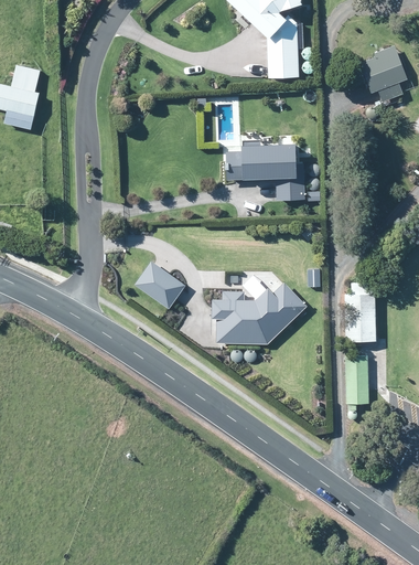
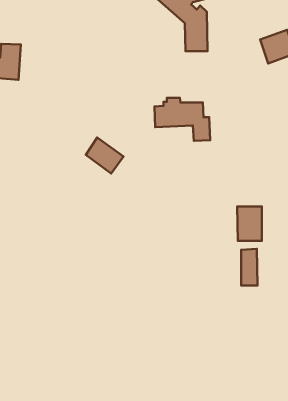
building: [135,260,185,309] -> [86,138,123,174]
building: [208,284,307,344] -> none

